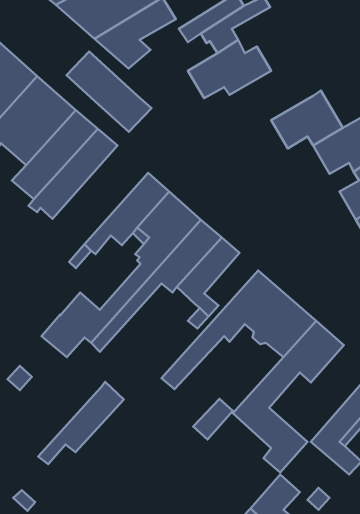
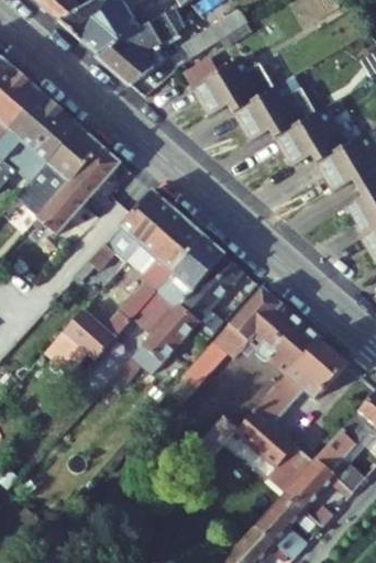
building: [66,52,151,132] -> none
building: none -> [233,81,317,140]
building: [38,382,124,464] -> [113,303,199,386]
building: none -> [284,459,353,509]

